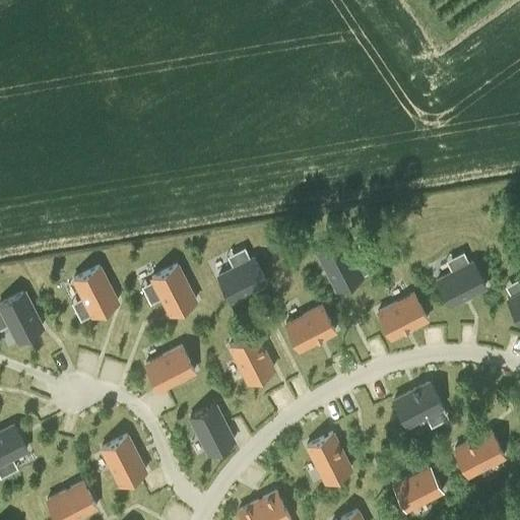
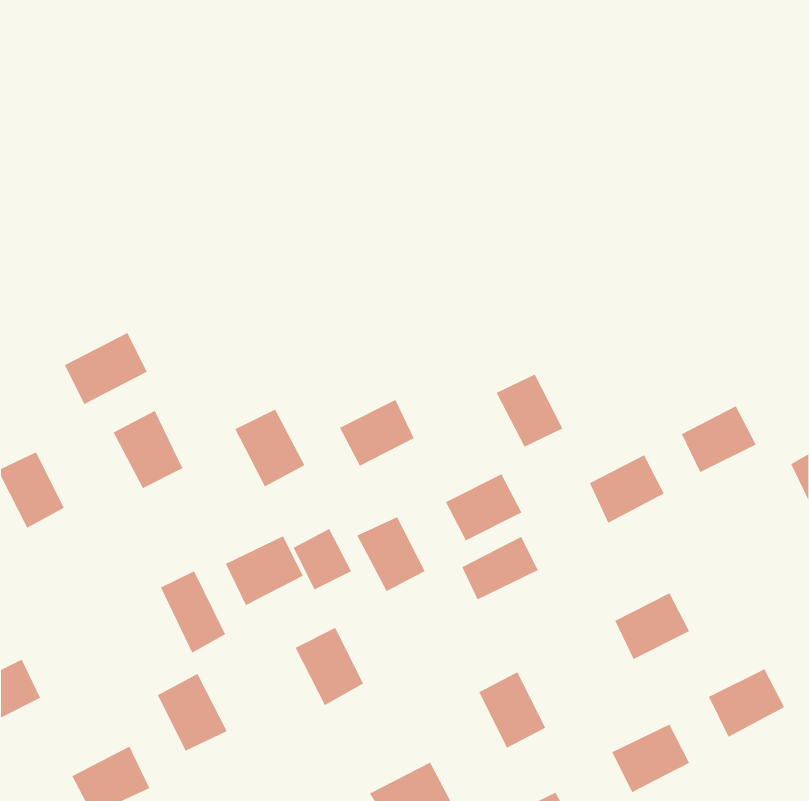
building: none -> [64,332,148,405]
building: none -> [293,528,352,591]
building: none -> [461,536,539,601]
building: none -> [160,570,226,654]

